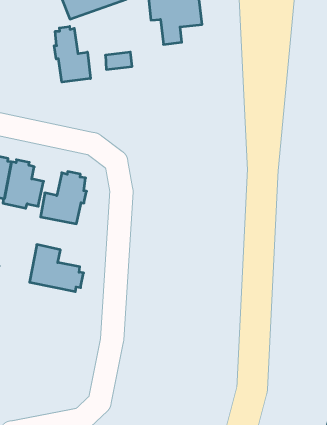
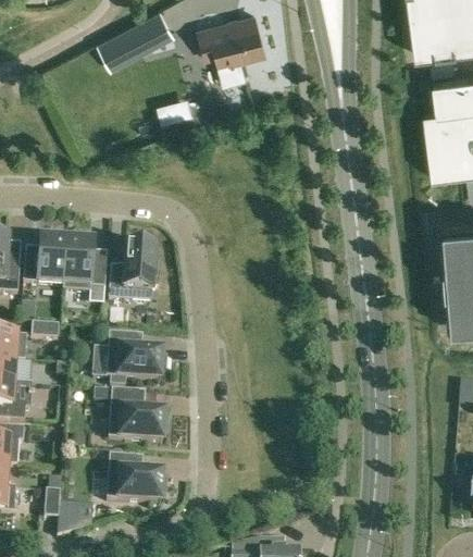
building: [54,26,90,82] -> none
building: none -> [92,391,169,444]
building: none -> [105,457,166,505]

